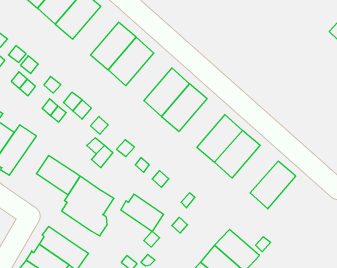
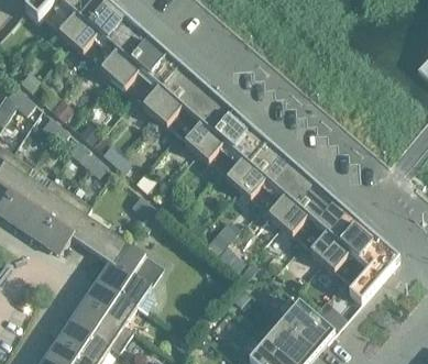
building: none -> [113,40,167,97]
building: none -> [176,95,230,151]
building: none -> [239,148,293,206]
building: none -> [39,192,90,251]
building: none -> [301,203,355,260]
building: none -> [343,240,398,302]
building: [121,194,164,231] -> [85,280,135,324]

